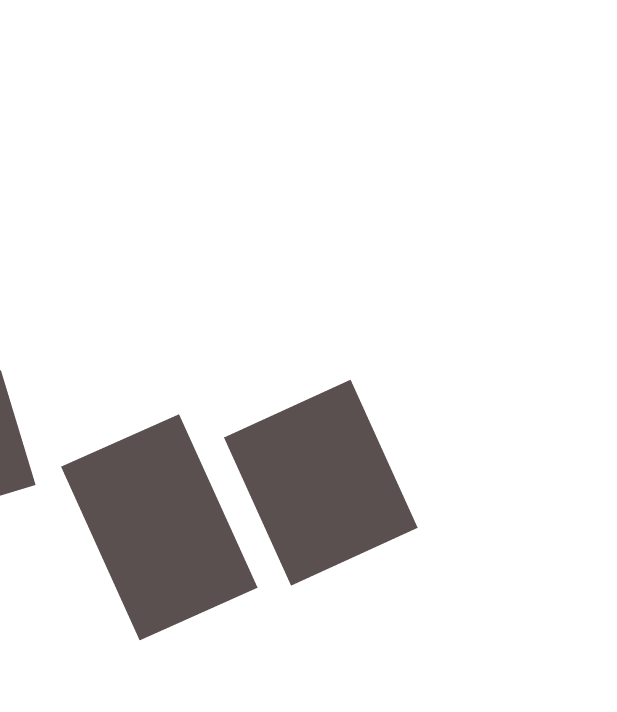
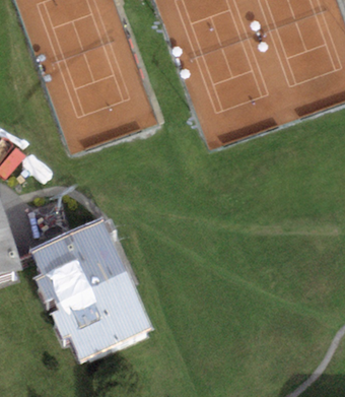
building: [223,379,418,586] -> none

